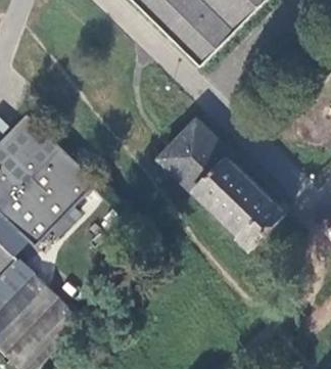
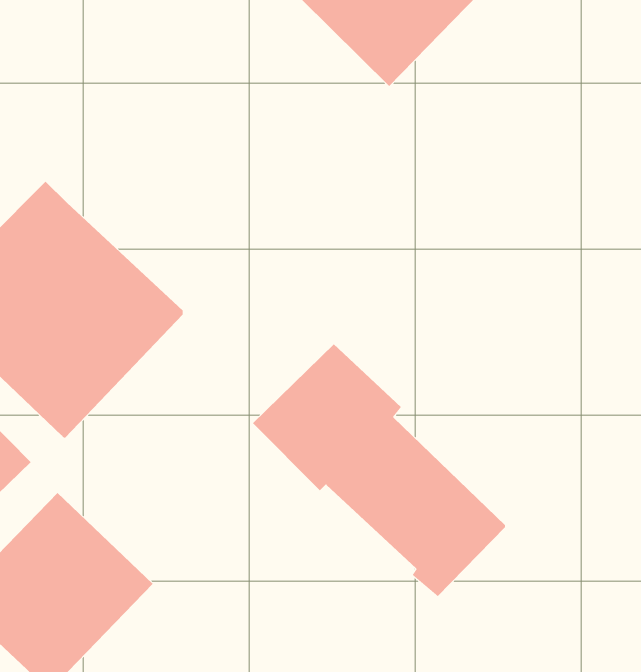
building: [156,119,286,248] -> [252,343,506,597]

